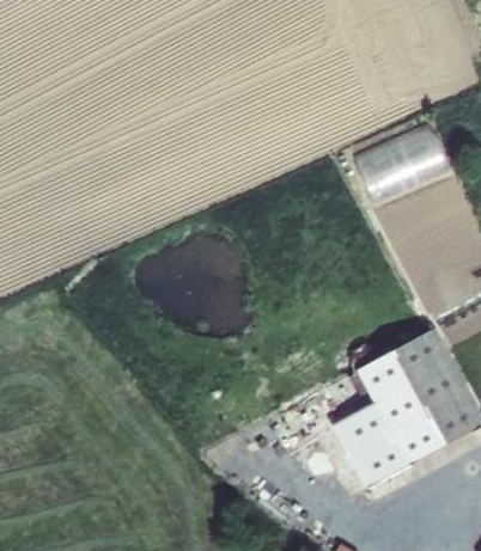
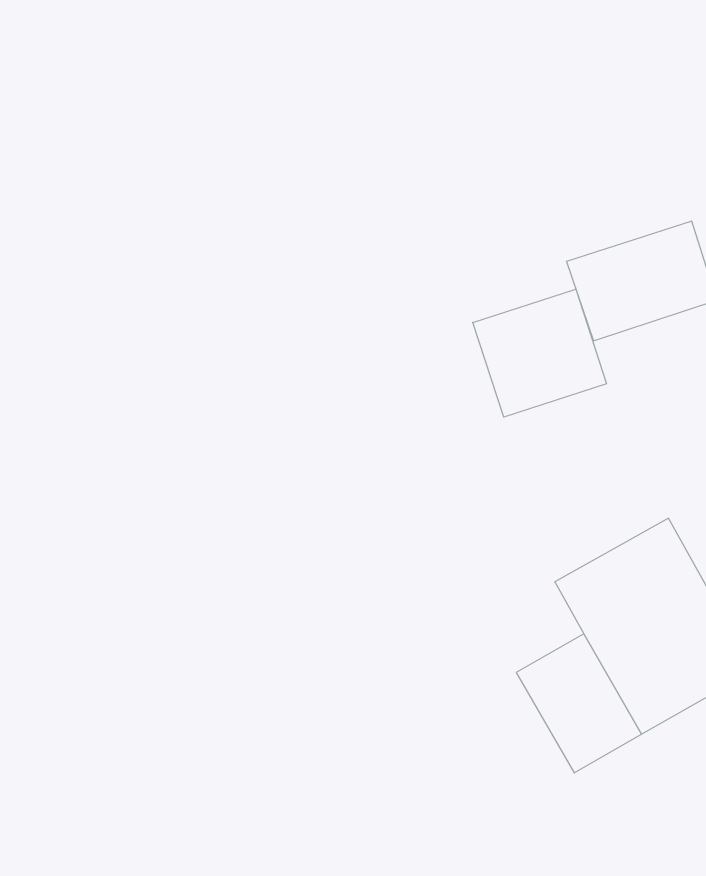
building: none -> [473,289,607,417]

